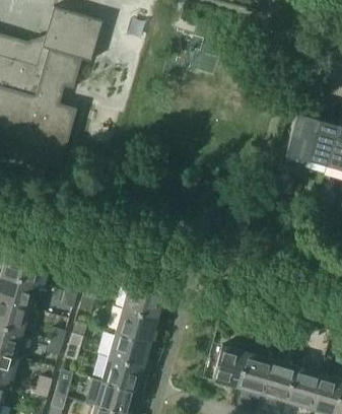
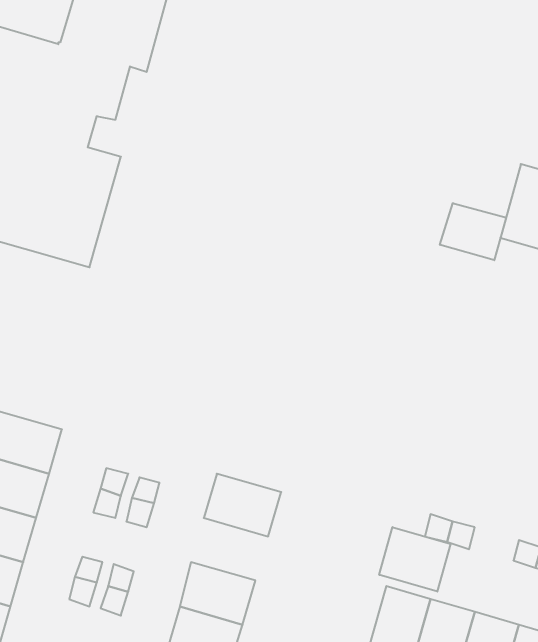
building: none -> [440,203,506,260]
building: [115,307,157,342] -> none
building: none -> [379,527,451,592]

